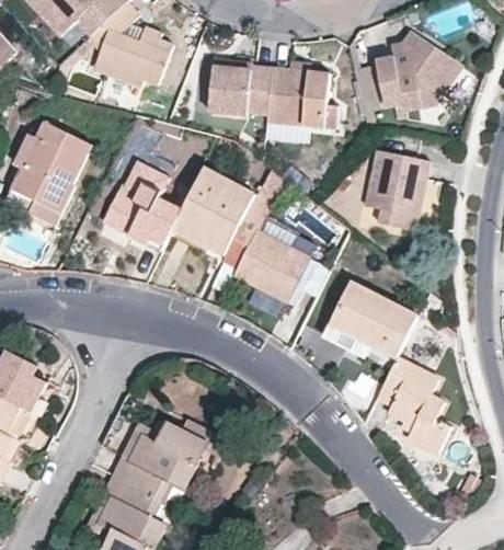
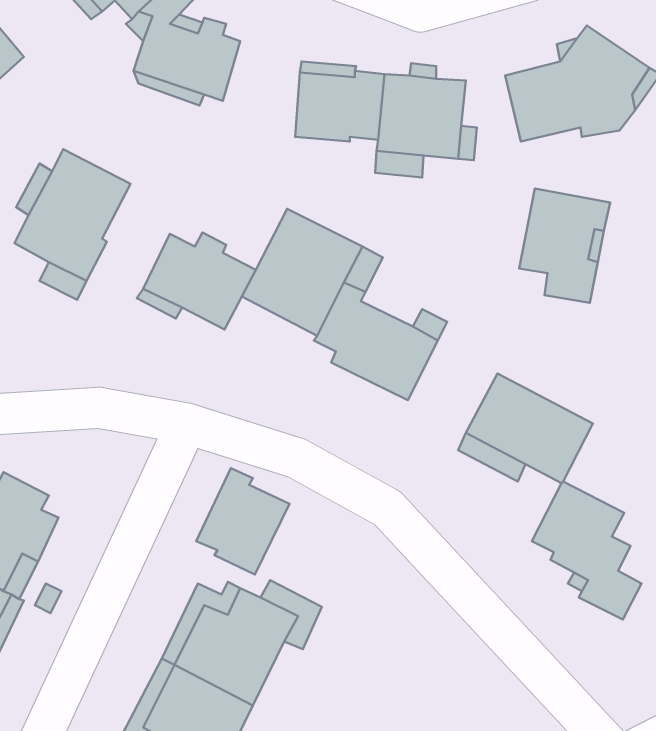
building: none -> [196,468,289,575]

